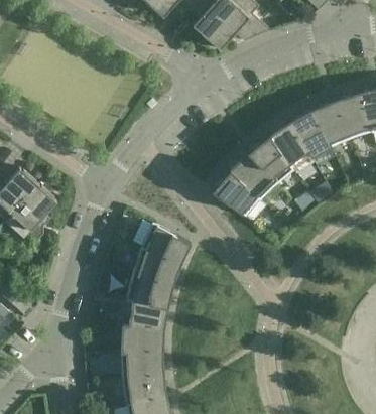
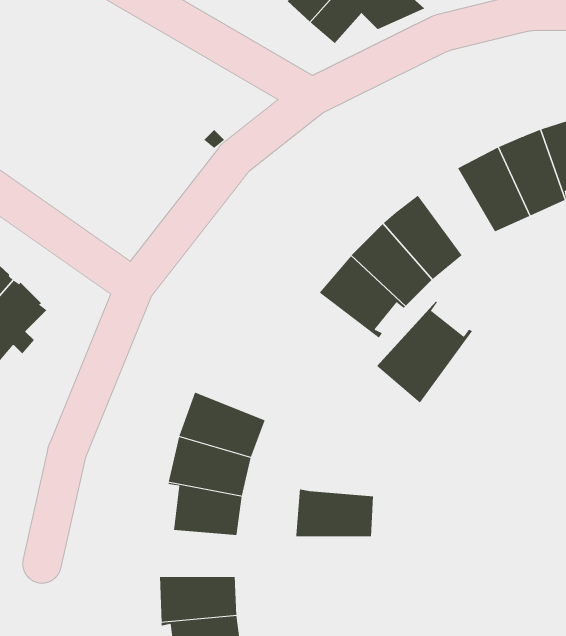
building: [267,121,307,170] -> none
building: none -> [376,301,473,404]
building: [140,223,191,264] -> none
building: [120,325,164,353] -> [296,489,374,537]

